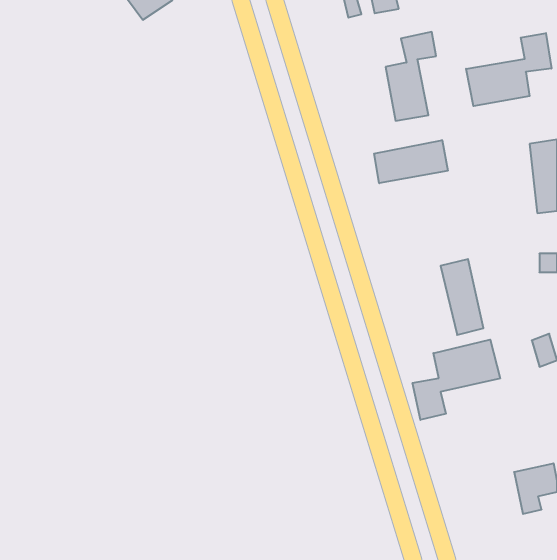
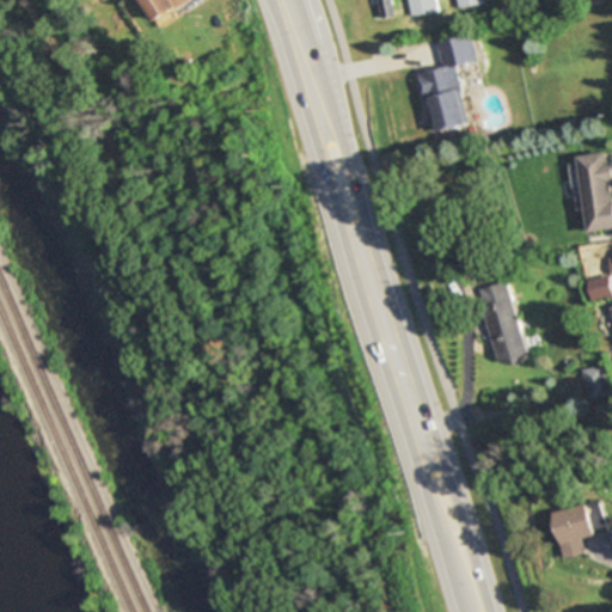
building: [466,33,551,106] -> none
building: [374,140,448,183] -> none
building: [413,340,500,420] -> none

